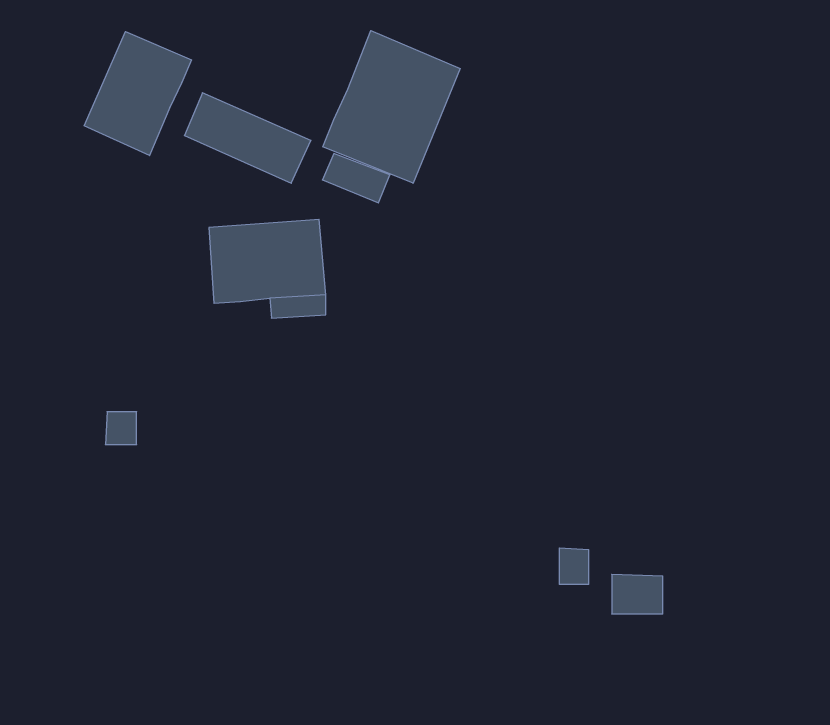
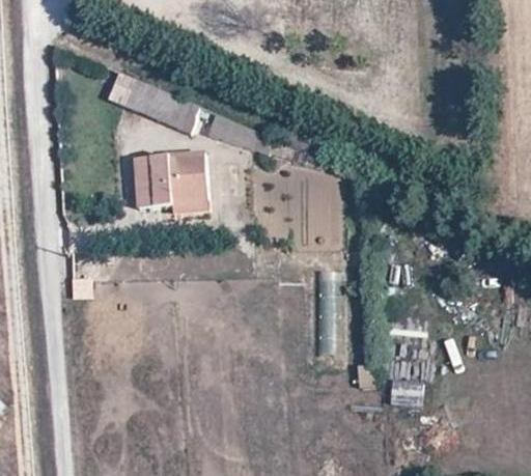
building: [323,31,460,183] -> none
building: [84,32,191,156] -> none

